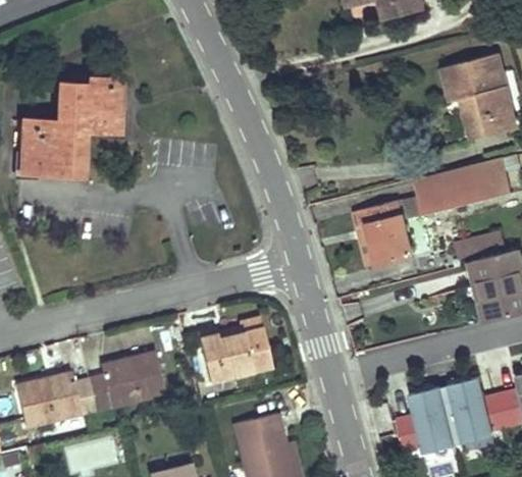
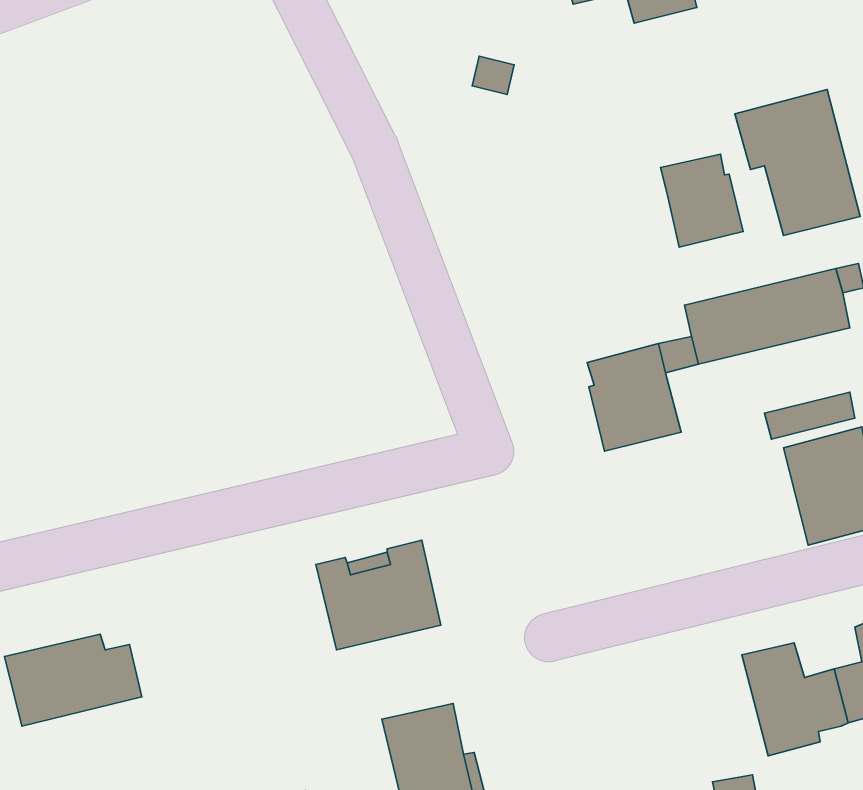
building: [19,83,121,176] -> none
building: none -> [660,154,743,247]
building: [89,353,165,410] -> none
building: [396,387,455,455] -> none

